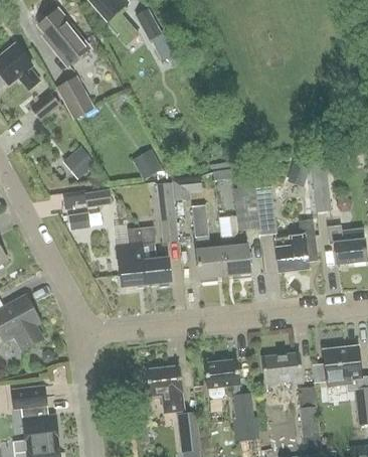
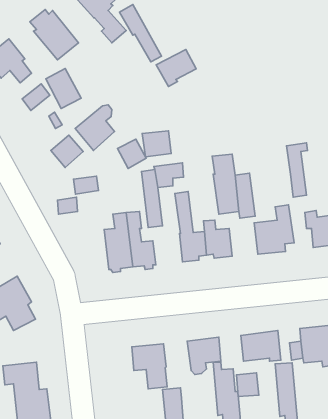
building: none -> [156,49,196,87]
building: none -> [75,105,115,150]
building: none -> [142,131,171,157]
building: none -> [237,373,259,396]

